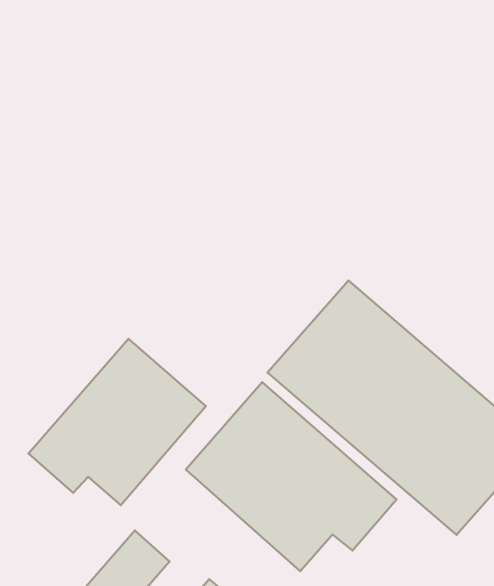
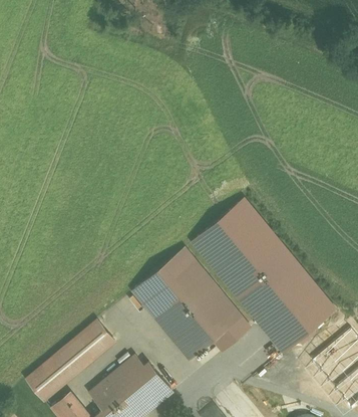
building: [28,339,206,505] -> none

